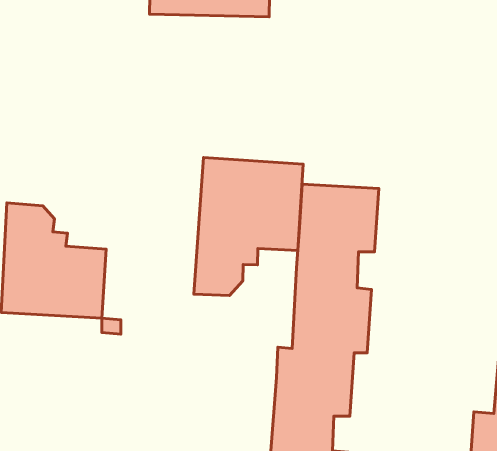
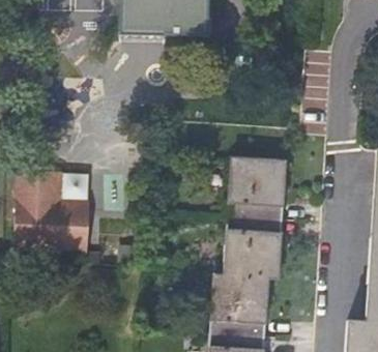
building: [194,158,303,295] -> none
building: none -> [45,172,92,203]

